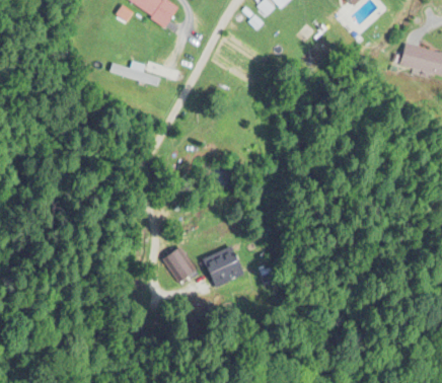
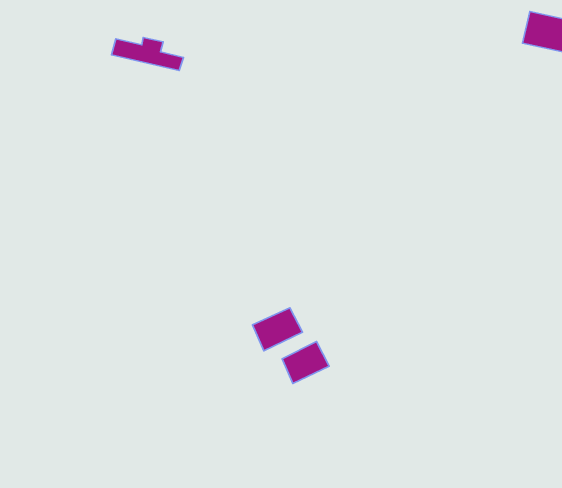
building: [166,248,195,281] -> none
building: none -> [282,342,329,383]

